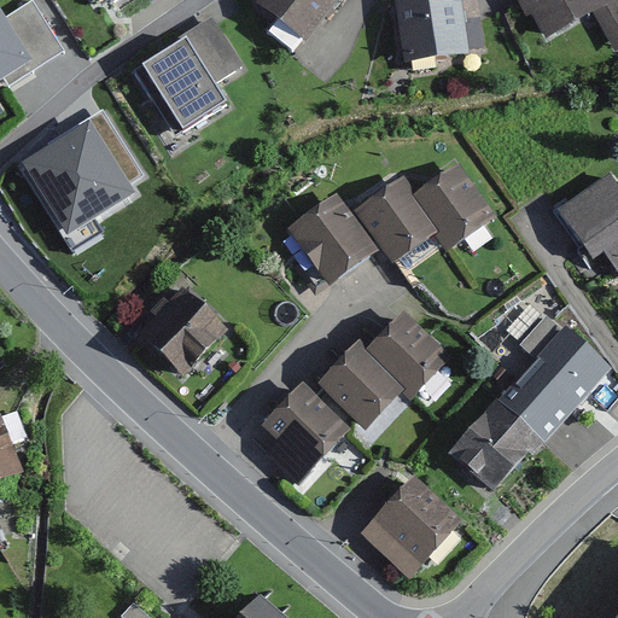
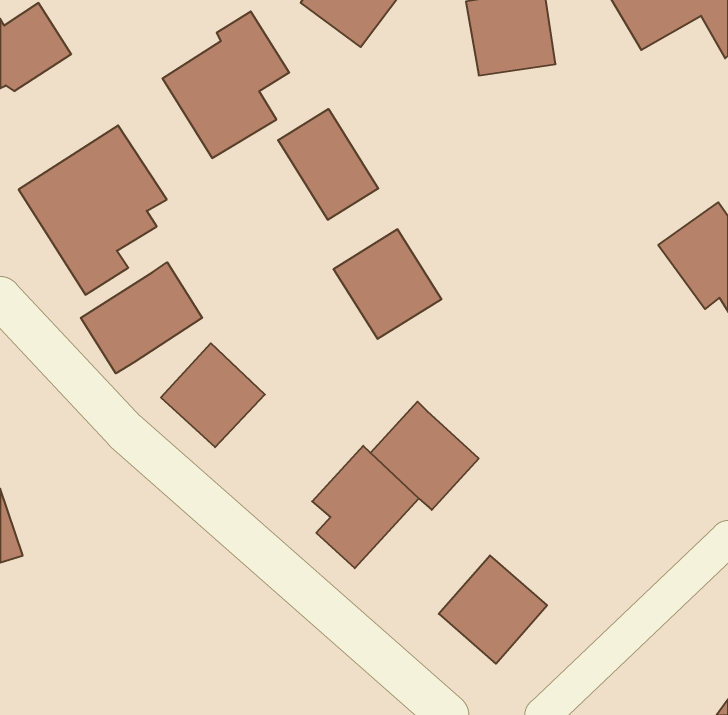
building: none -> [278,109,378,220]
building: [352,162,496,262] -> none
building: none -> [81,262,202,373]
building: [362,307,453,395] -> none
building: [449,319,611,494] -> none

